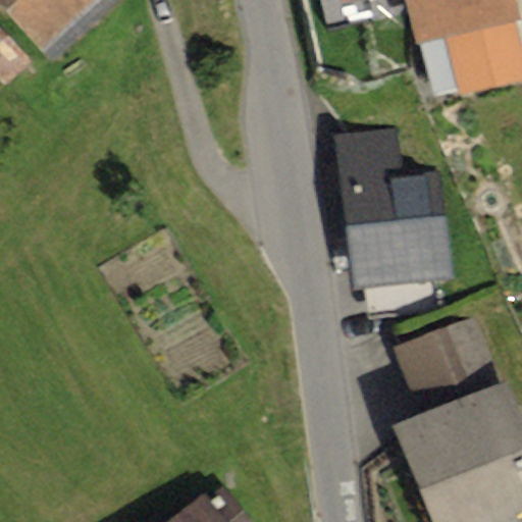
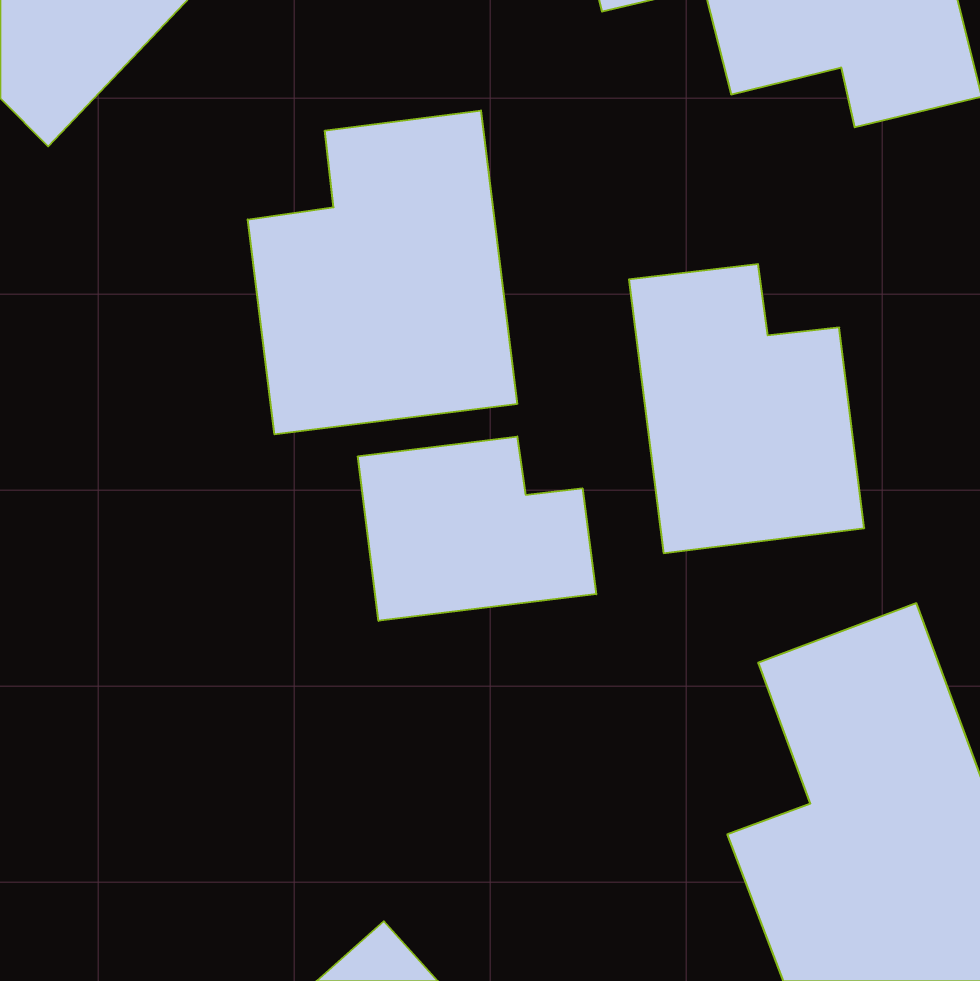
building: none -> [248,110,517,434]
building: none -> [358,436,596,621]

